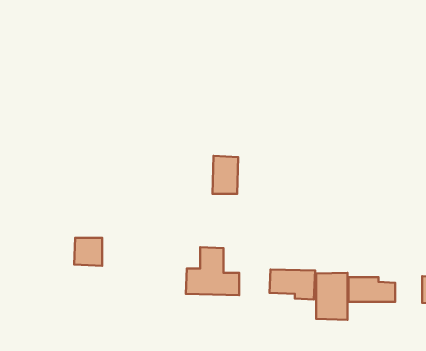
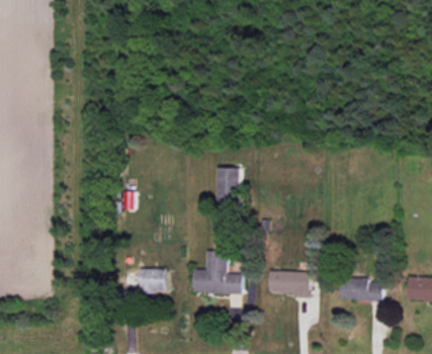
building: [74,238,102,266] -> [141,269,166,294]
building: [316,273,347,320] -> none

